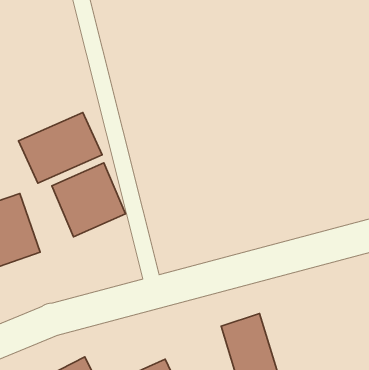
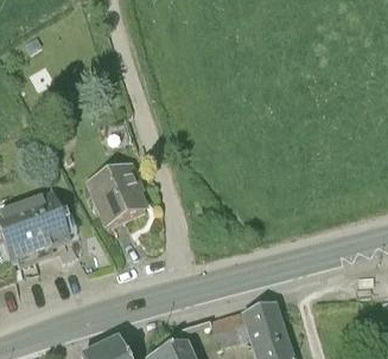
building: [18,113,102,183] -> none

